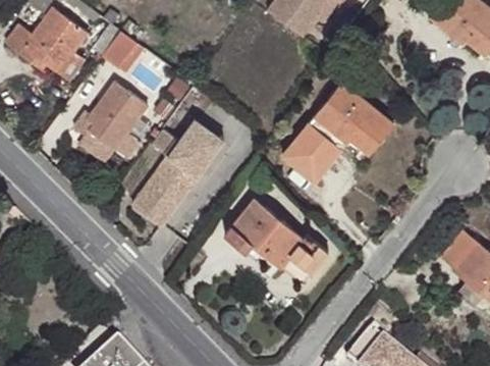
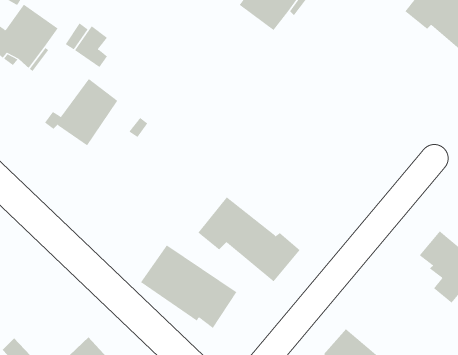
building: [282,81,394,180] -> none
building: [134,117,225,223] -> none
building: none -> [140,244,237,329]

